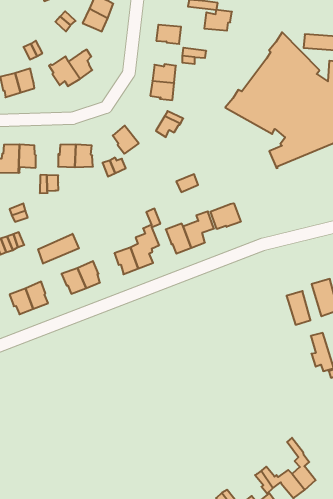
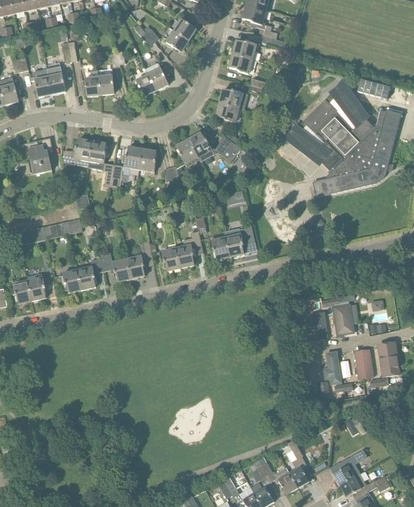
building: [204,10,232,31] -> [233,38,260,58]
building: none -> [189,132,217,157]
building: [210,203,241,229] -> none
building: [38,234,79,264] -> none

